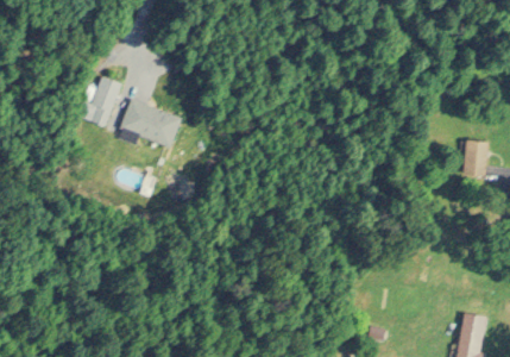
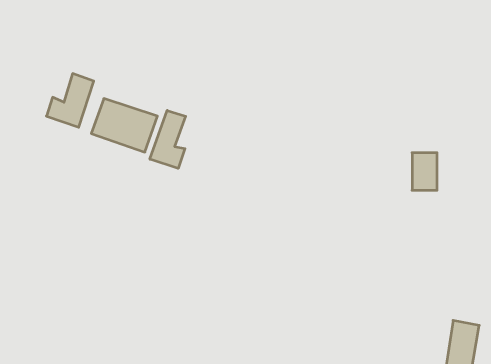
building: none -> [150,110,186,168]
building: [465,139,489,175] -> [412,153,437,190]

